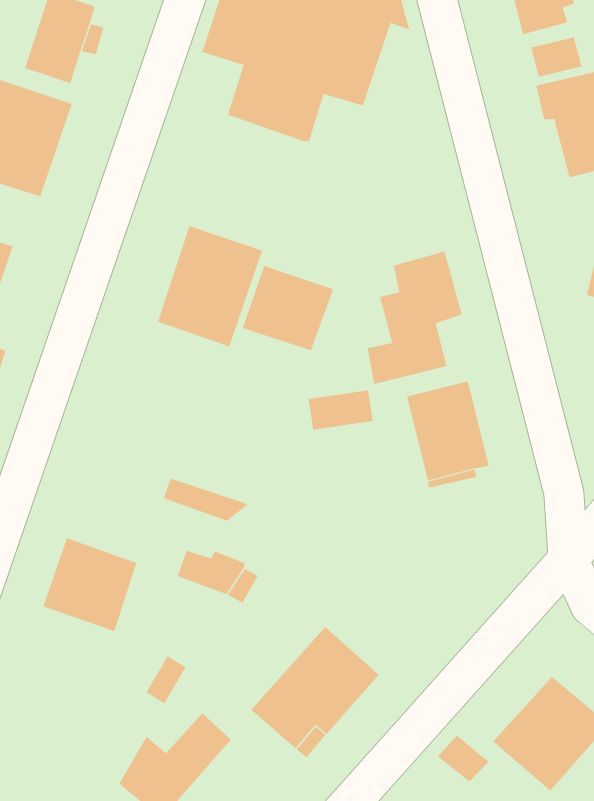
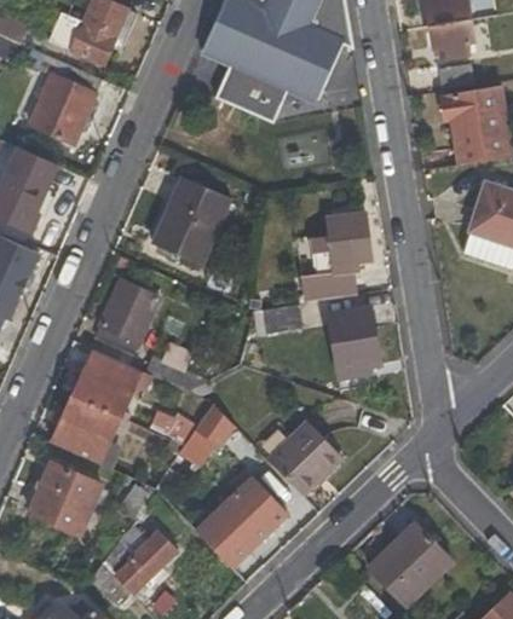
building: [242,265,334,351] -> none
building: none -> [93,278,161,355]
building: none -> [71,349,140,416]
building: none -> [267,422,344,496]
building: none -> [29,462,102,536]

